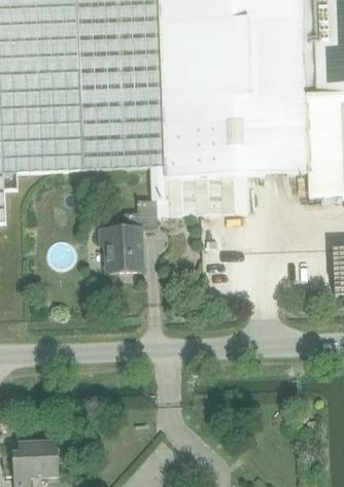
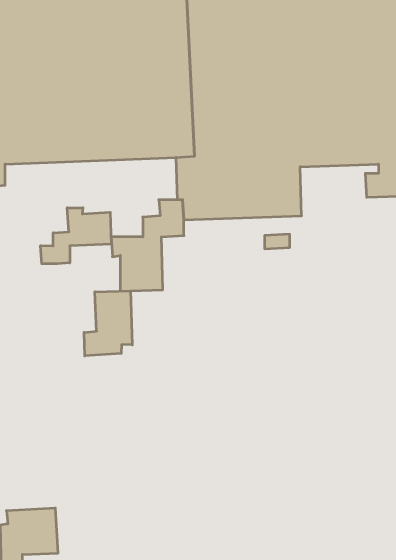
building: none -> [41,208,111,264]
building: none -> [84,291,132,356]

